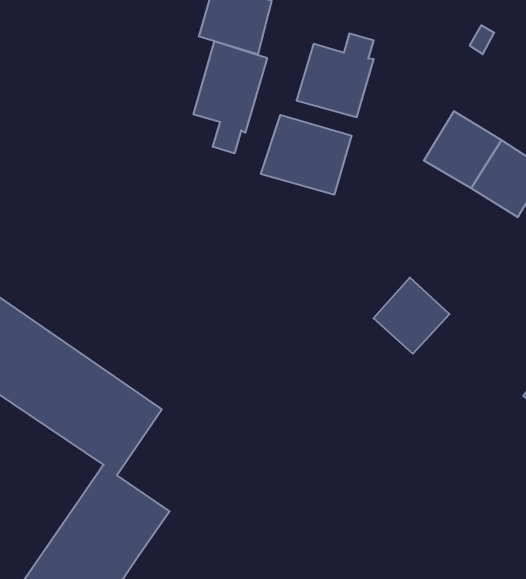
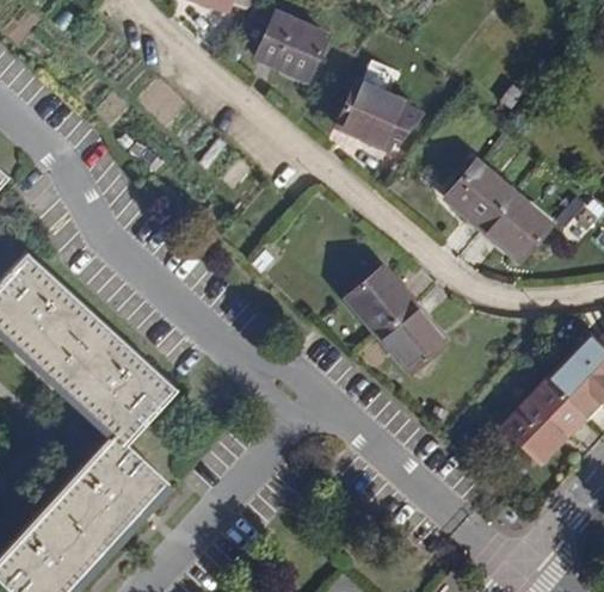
building: [193,41,267,153] -> none
building: [261,115,352,195] -> none
building: none -> [345,266,415,335]

